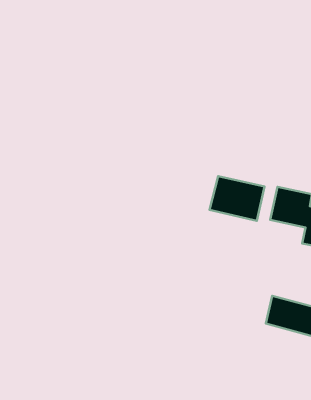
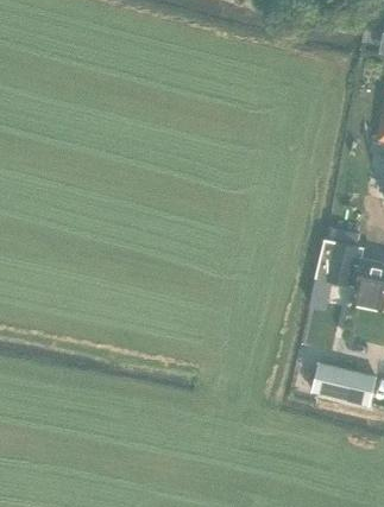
building: [210,176,265,221] -> none

